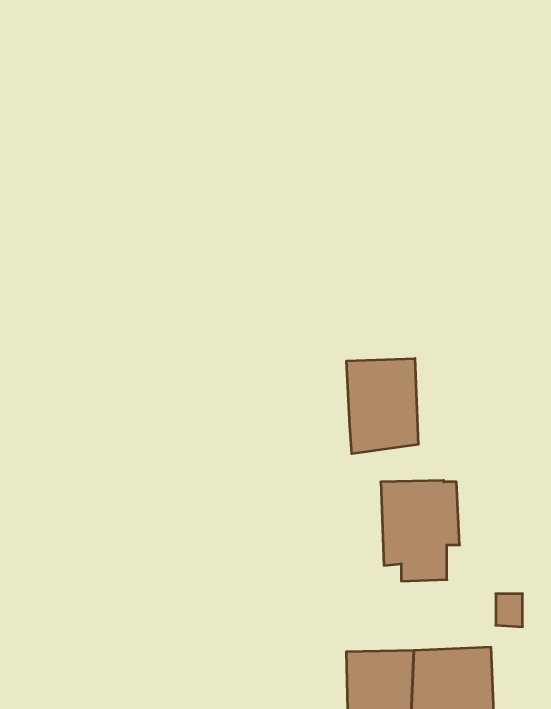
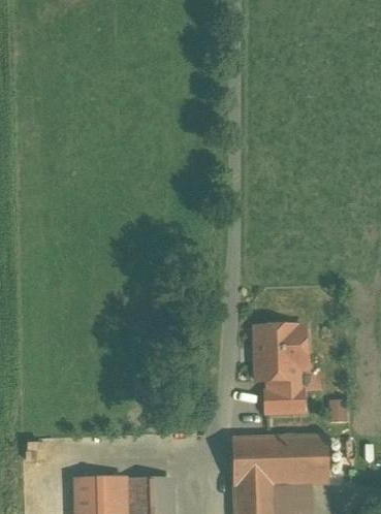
building: [347,358,418,454] -> none
building: none -> [265,391,304,413]

